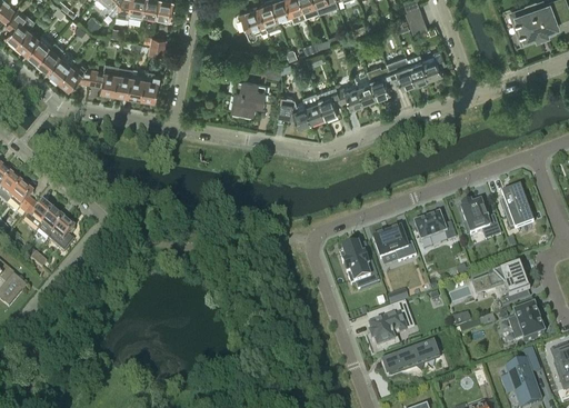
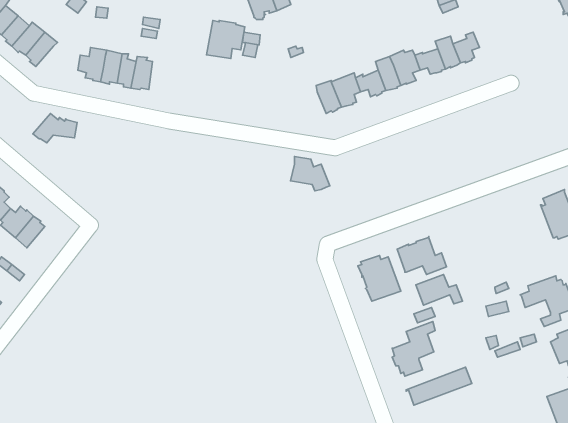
building: [57,61,96,87] -> [33,114,77,143]
building: [231,78,264,111] -> [207,21,245,59]
building: [277,94,311,125] -> [291,157,330,191]
building: [461,202,500,237] -> none
building: [415,215,456,241] -> [416,275,463,305]
building: [48,219,74,252] -> none

